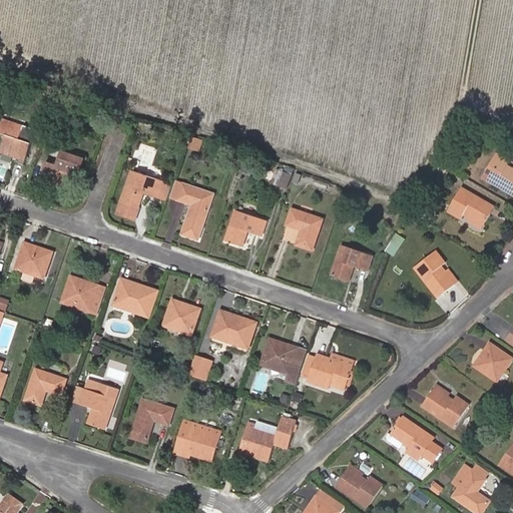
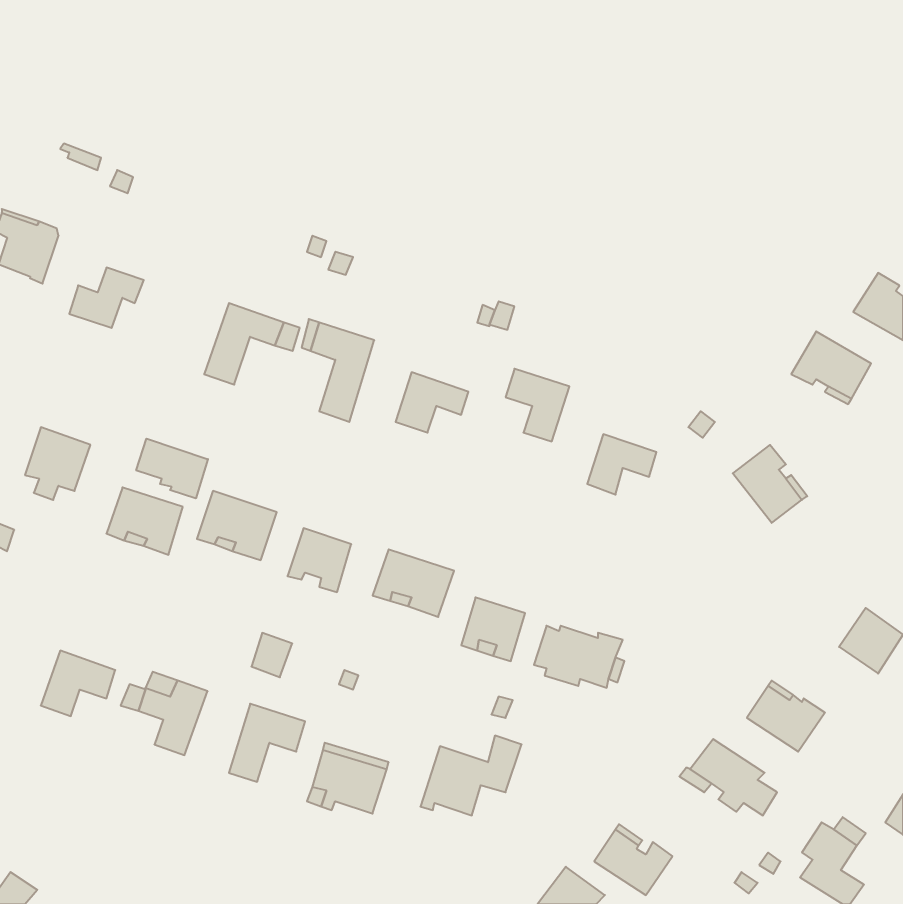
building: none -> [136,439,208,498]
building: [190,356,213,381] -> [251,633,292,677]

